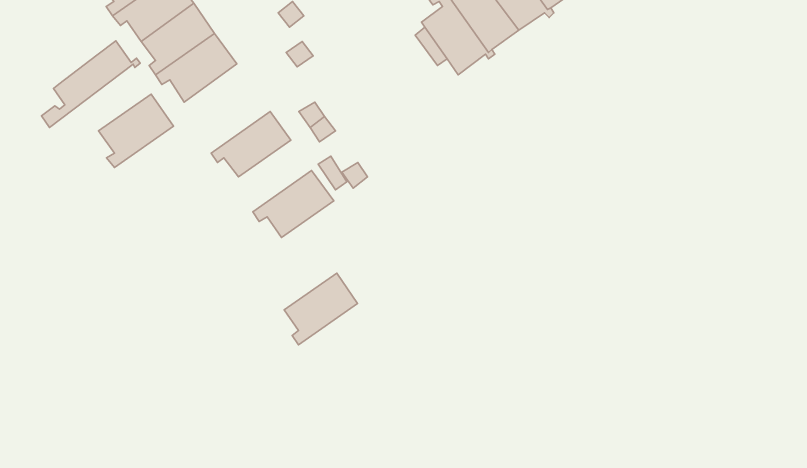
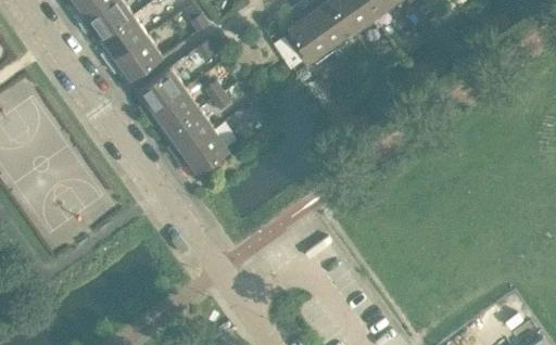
building: [42,41,140,127] -> none
building: [98,94,173,168] -> [136,67,187,117]
building: [284,273,357,345] -> [165,108,215,157]

